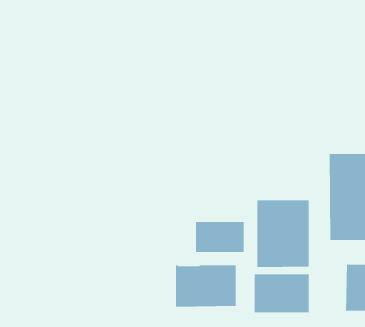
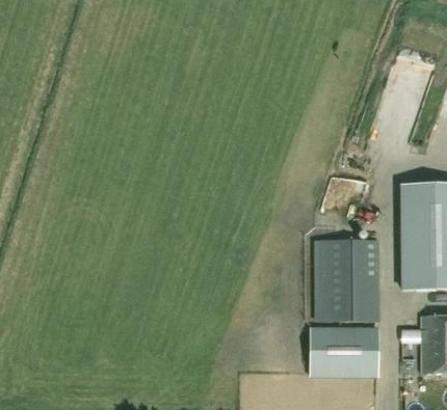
building: [195,221,244,253] -> none
building: [176,265,236,308] -> none

